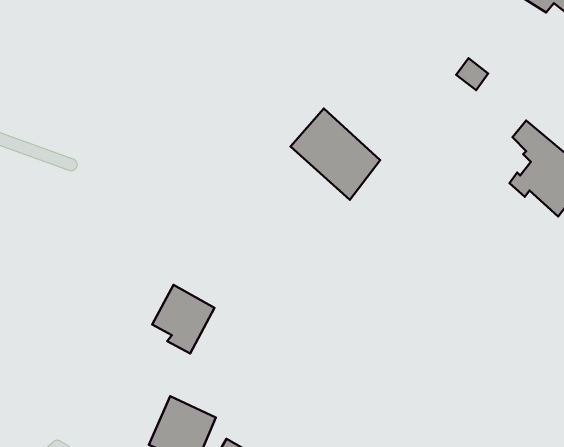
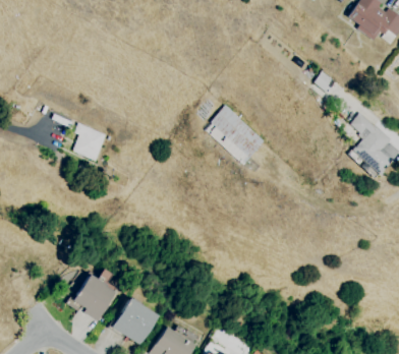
building: none -> [73,123,108,161]
building: [152,285,214,353] -> [73,275,115,320]

